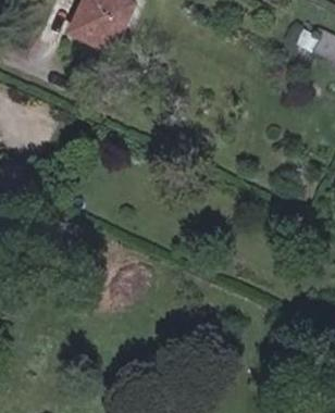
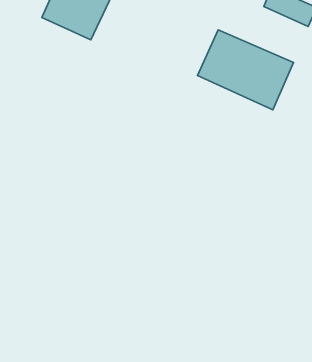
building: none -> [197,30,294,110]

